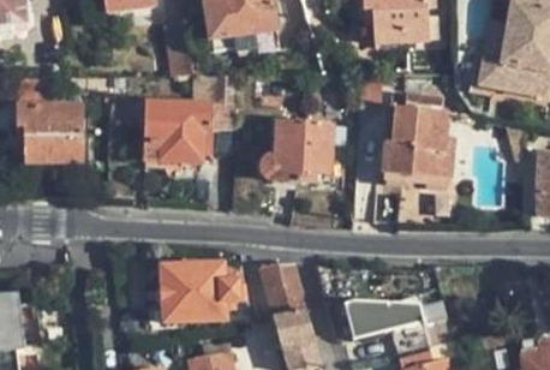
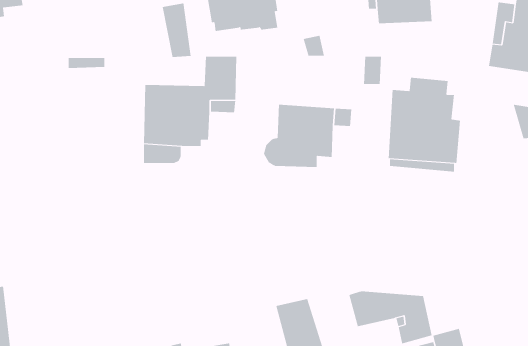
building: [17,102,82,160] -> none
building: [259,262,305,315] -> none
building: [162,263,247,320] -> none

